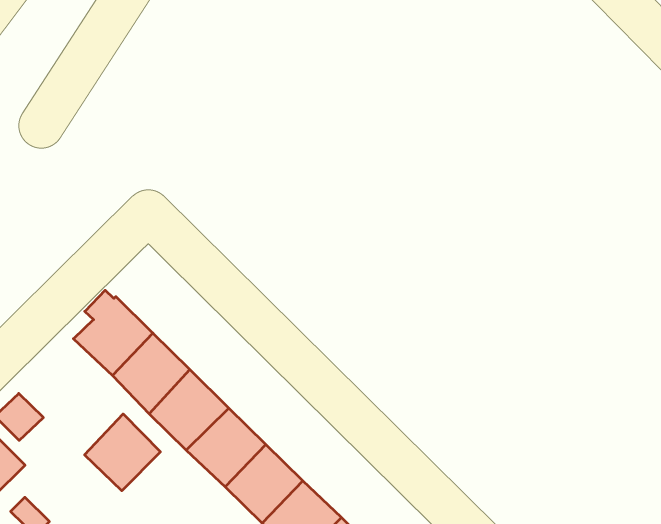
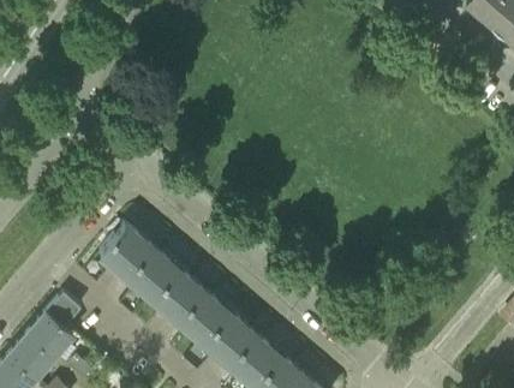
building: [85,414,160,491] -> none

